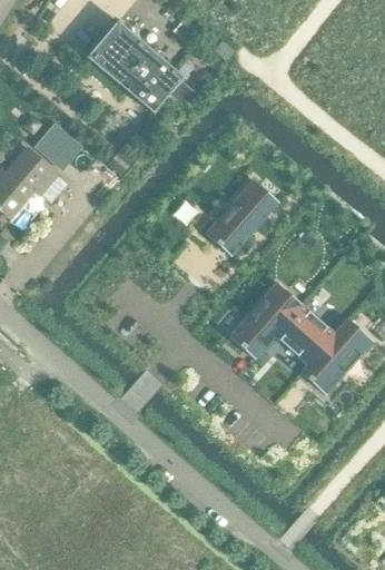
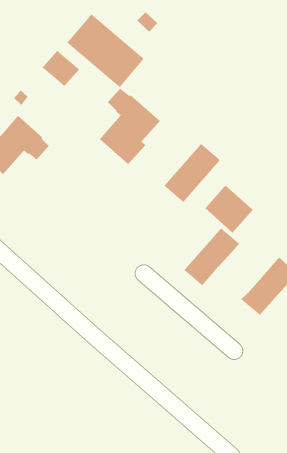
building: none -> [99,88,161,165]
building: [34,124,81,168] -> [42,50,80,87]
building: [275,304,335,364] -> [204,184,253,233]

